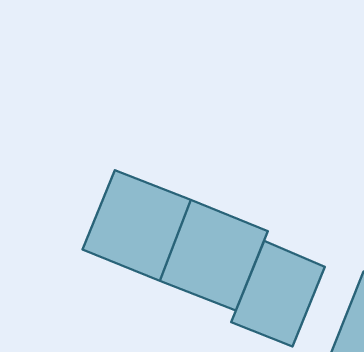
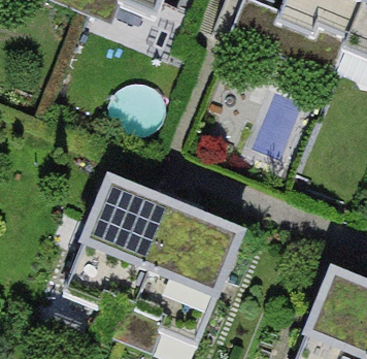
building: [231,241,325,346] -> none

